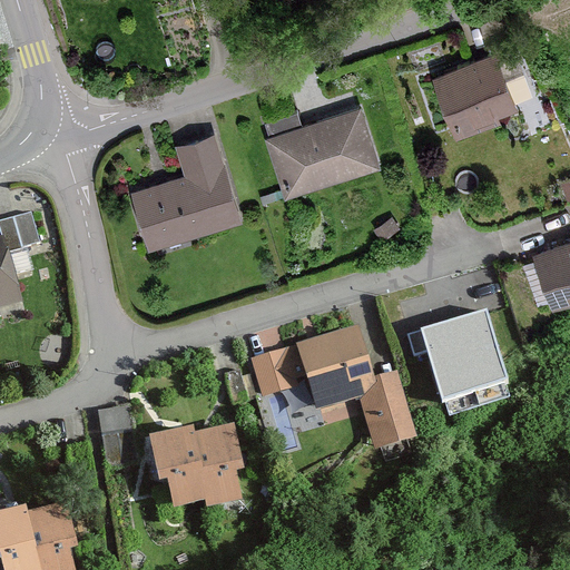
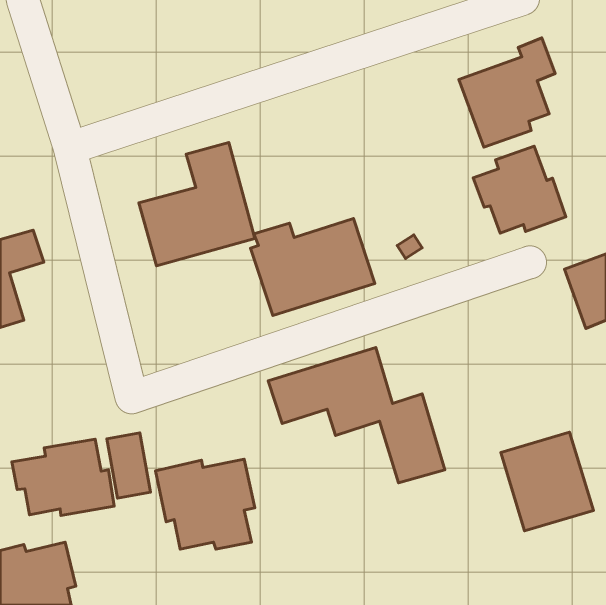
building: [263,107,380,198] -> [250,218,375,316]
building: none -> [473,146,566,233]
building: [422,308,509,401] -> [501,432,593,531]
building: none -> [12,439,114,516]

